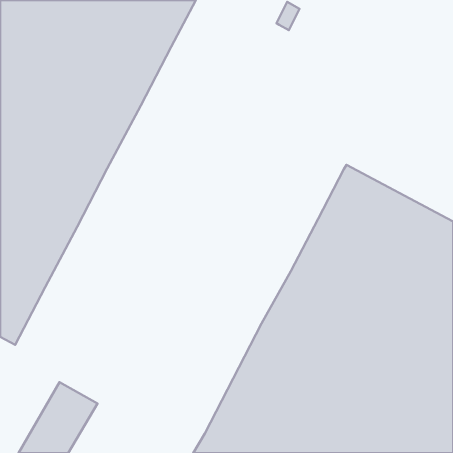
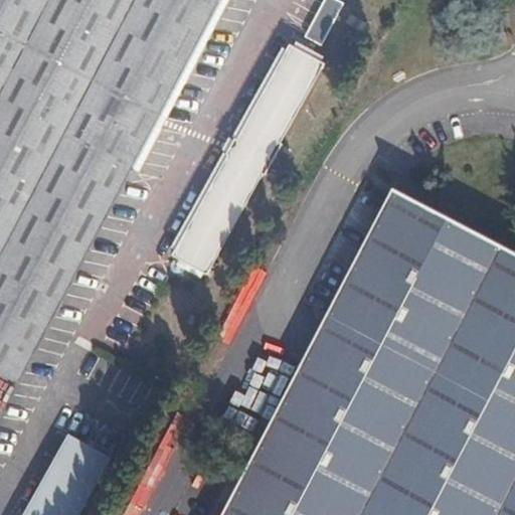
building: none -> [169,38,325,271]

